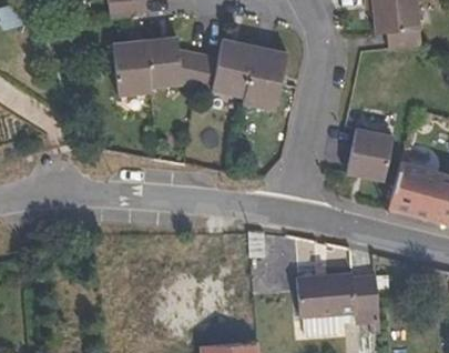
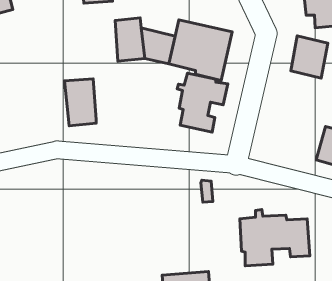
building: [112,39,150,95] -> [65,79,96,126]
building: none -> [177,73,228,132]
building: [347,130,391,181] -> [291,36,328,78]

